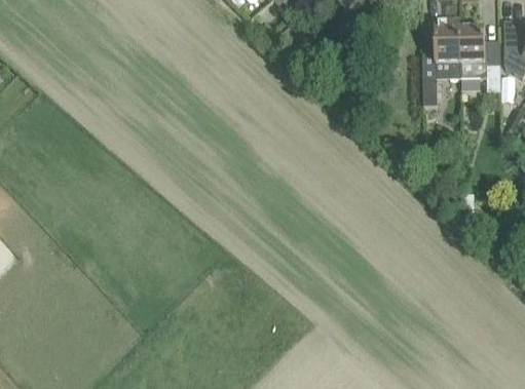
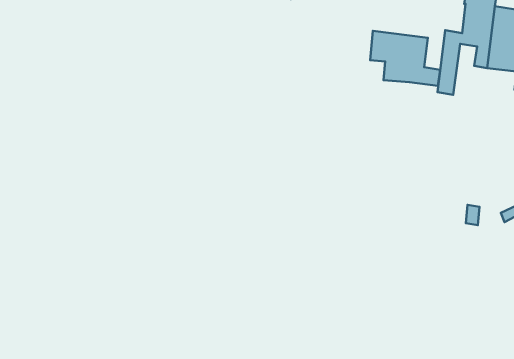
building: none -> [370,31,440,86]

